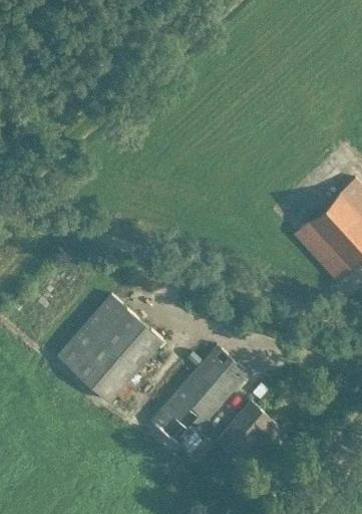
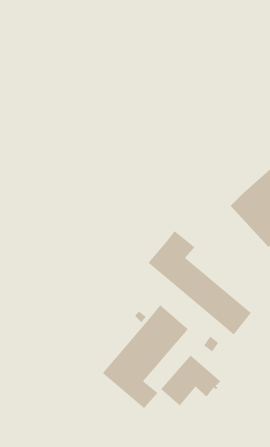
building: none -> [147,230,252,336]
building: [58,295,162,401] -> none

